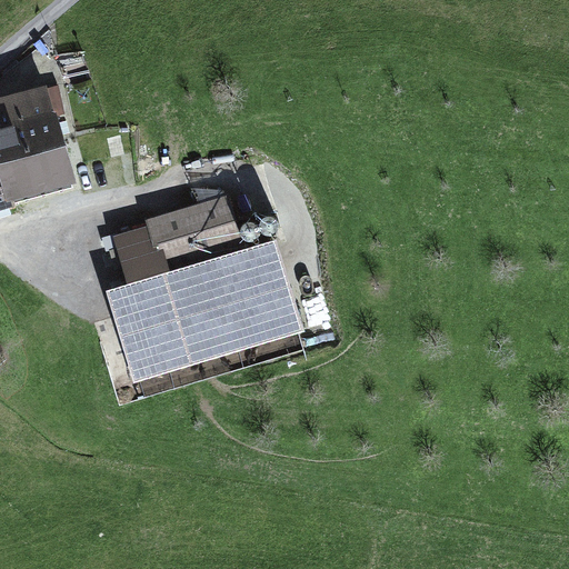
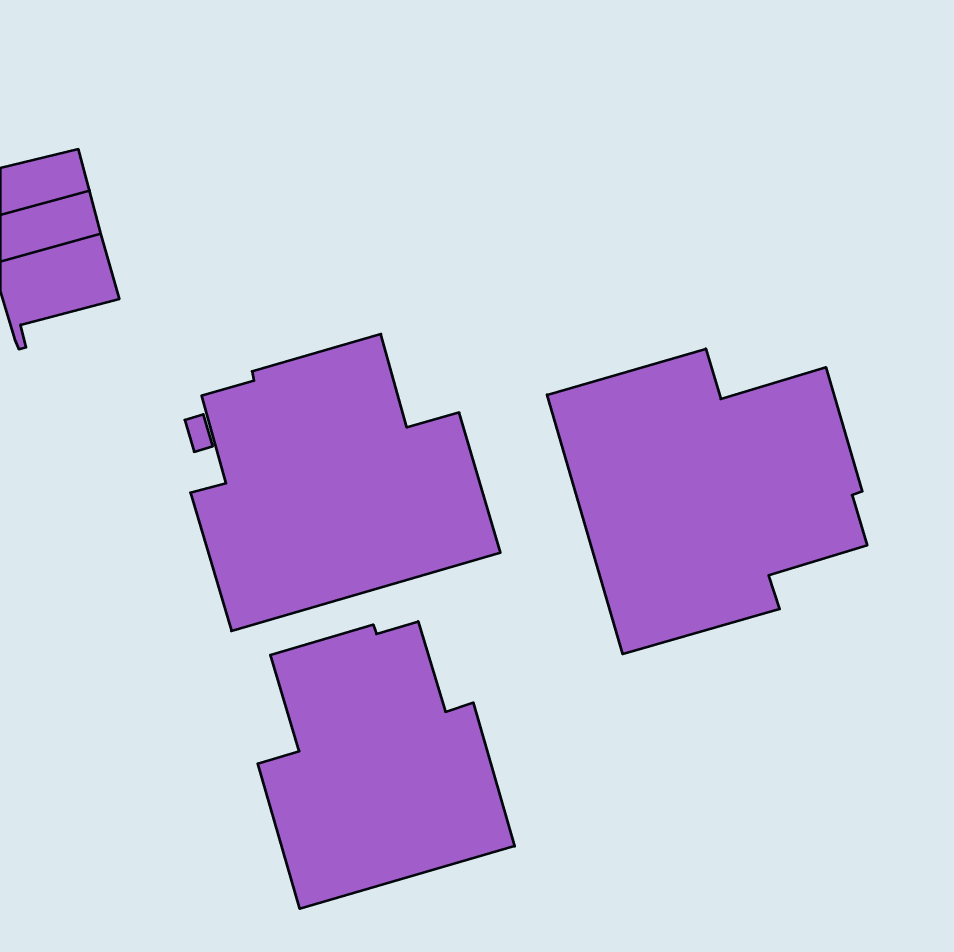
building: none -> [547,349,867,654]
building: none -> [258,621,515,909]

